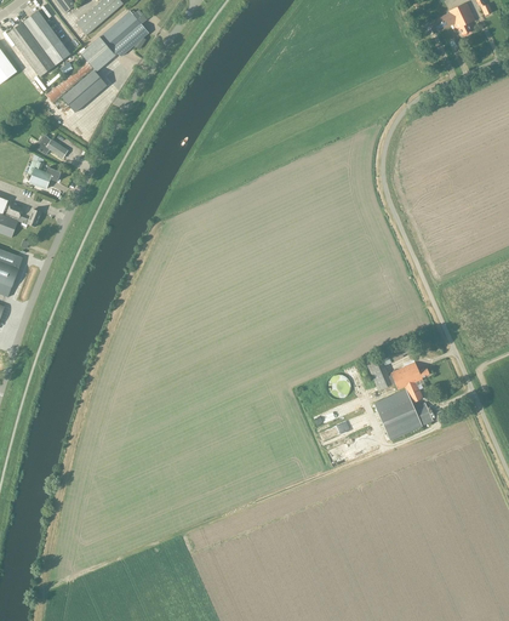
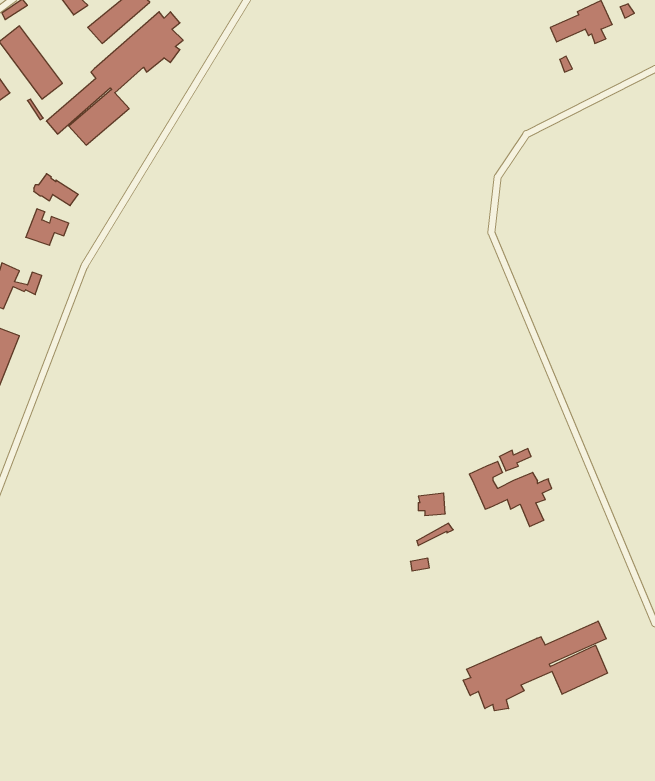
building: [23,10,70,64] -> none
building: [373,388,433,439] -> none
building: none -> [463,621,607,711]

